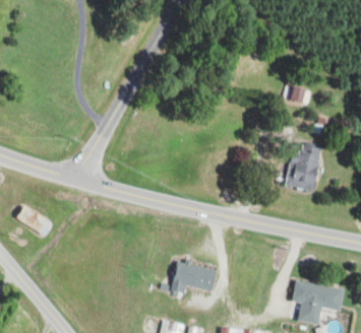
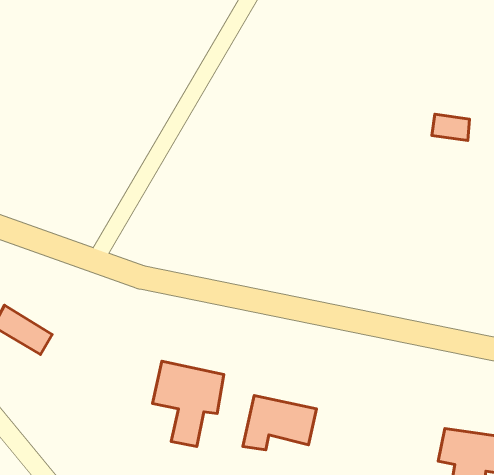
building: [286,143,320,189] -> none
building: none -> [153,361,224,447]

